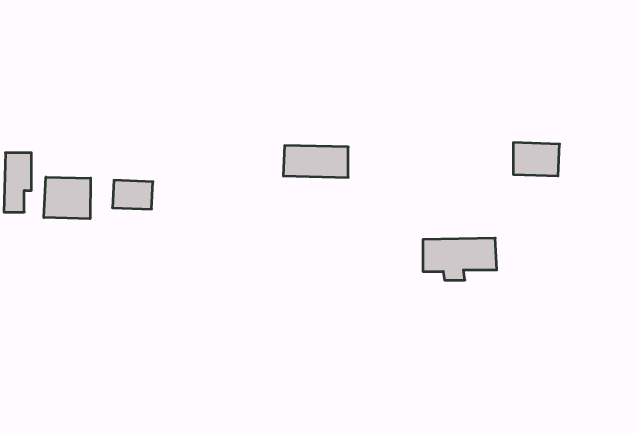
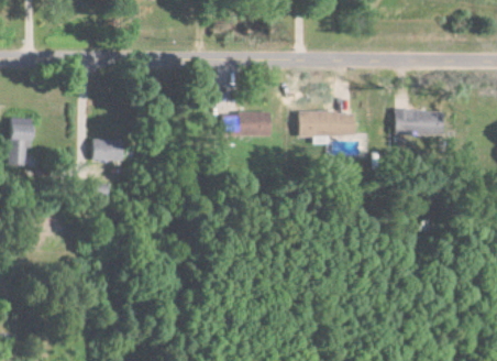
building: [44,177,91,219] -> none
building: [423,238,497,280] -> [300,111,356,143]

